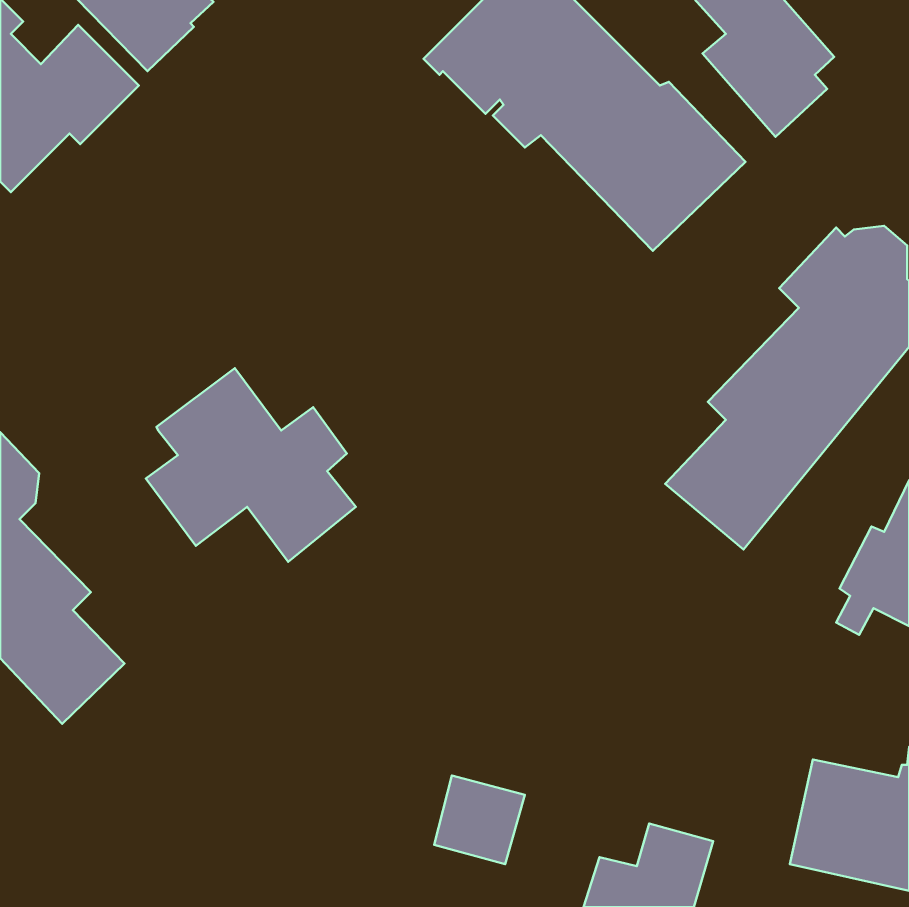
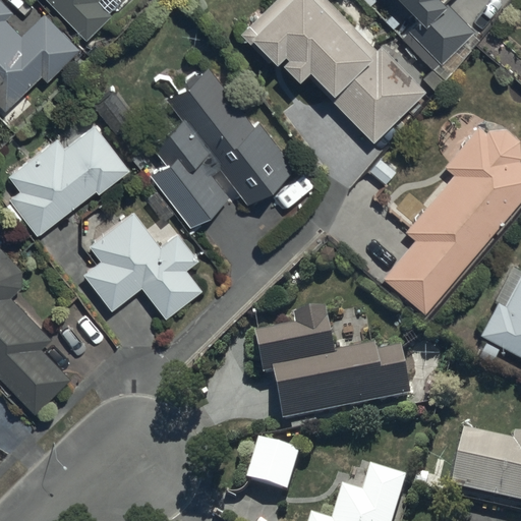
building: none -> [150,66,296,226]
building: none -> [9,123,132,234]
building: none -> [257,312,414,426]

